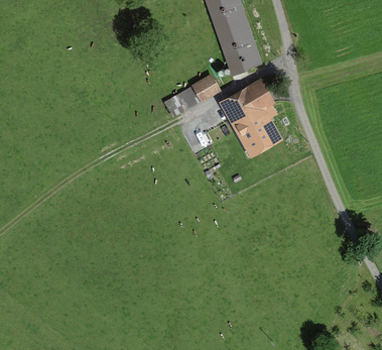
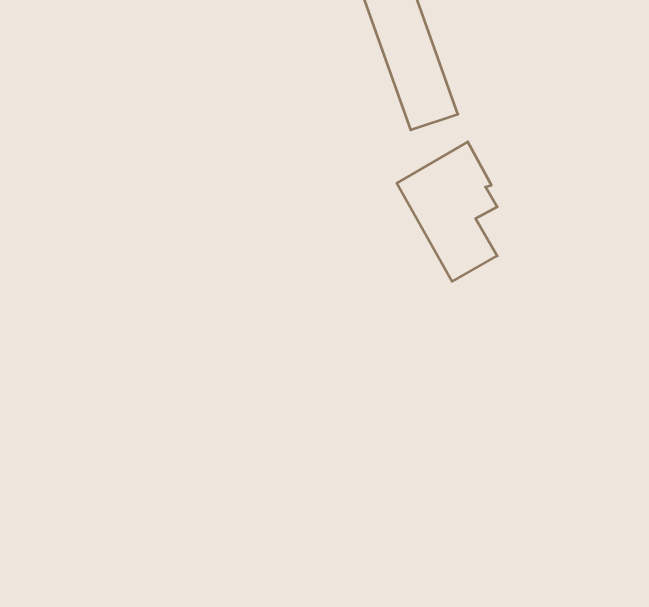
building: [166,76,219,115] -> none

